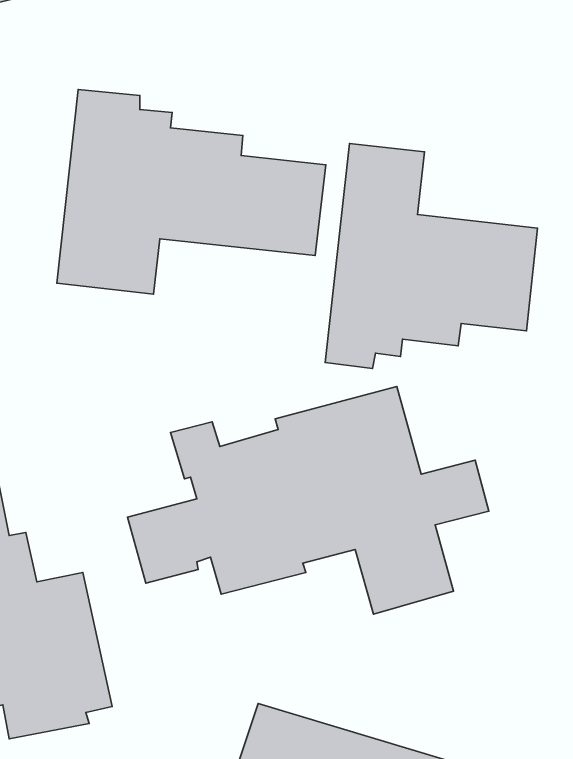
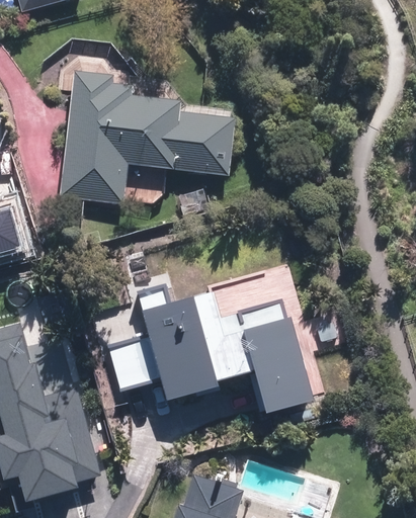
building: [325,144,537,369] -> none

